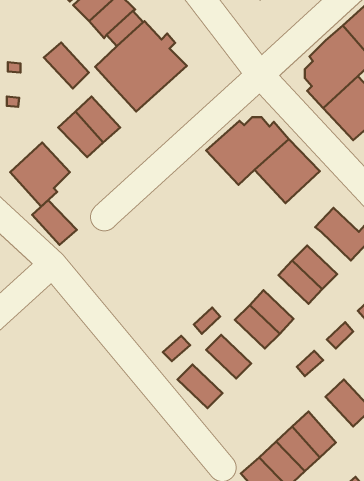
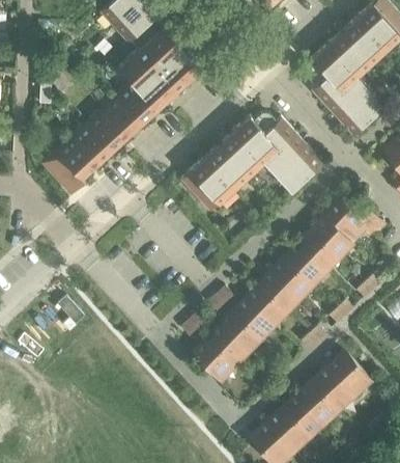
building: [44,43,89,88] -> [116,82,156,124]
building: none -> [181,144,249,212]
building: [32,200,77,245] -> [72,124,112,164]
building: none -> [311,218,350,256]
building: none -> [272,257,312,297]
building: none -> [233,298,273,337]
building: none -> [207,325,247,364]
building: none -> [312,367,352,409]

